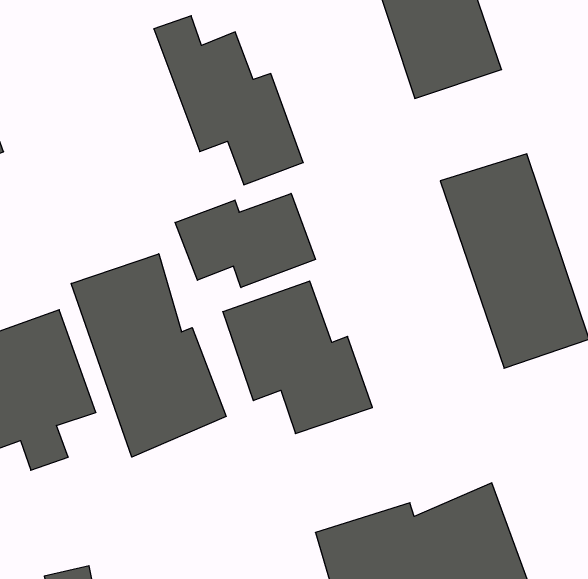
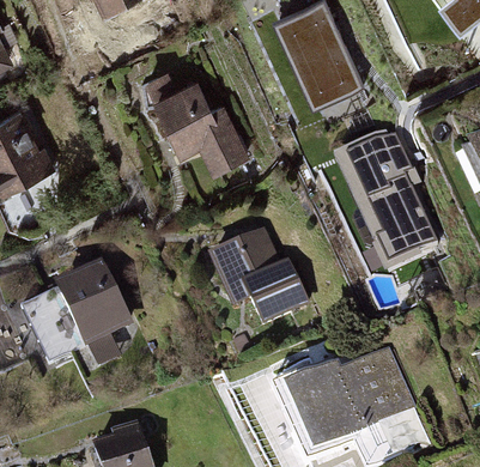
building: [175,193,315,288] -> none
building: [71,254,226,457] -> none

